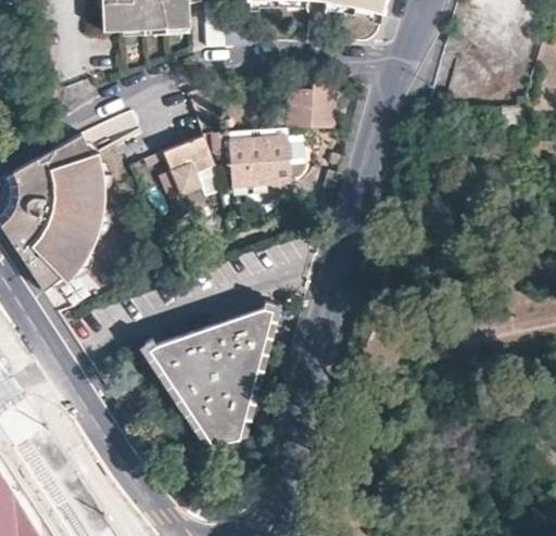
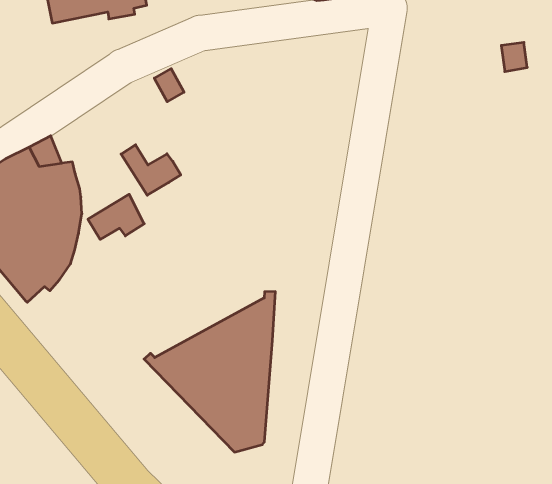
building: [286,84,331,126] -> none
building: [212,129,293,184] -> none
building: [163,137,213,174] -> [88,194,144,239]

